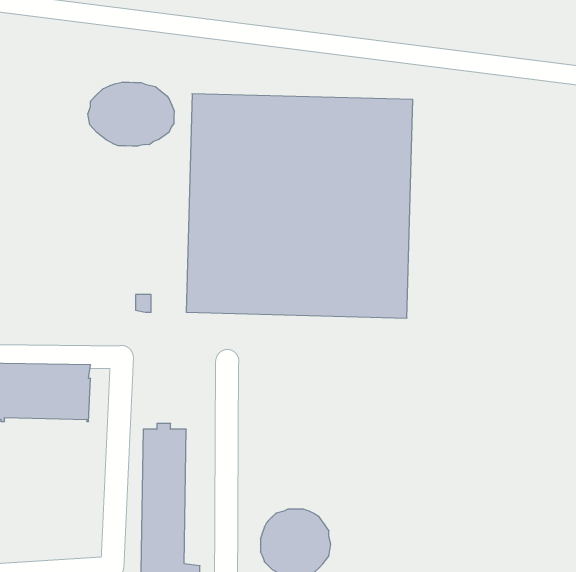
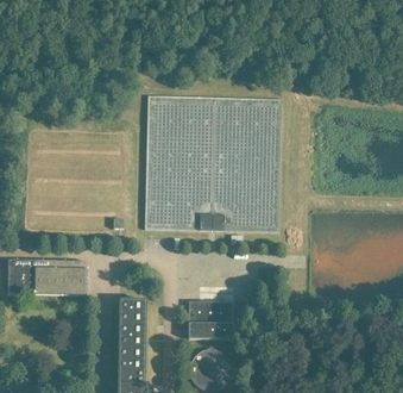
building: [88,82,174,146] -> none
building: none -> [187,300,233,339]

